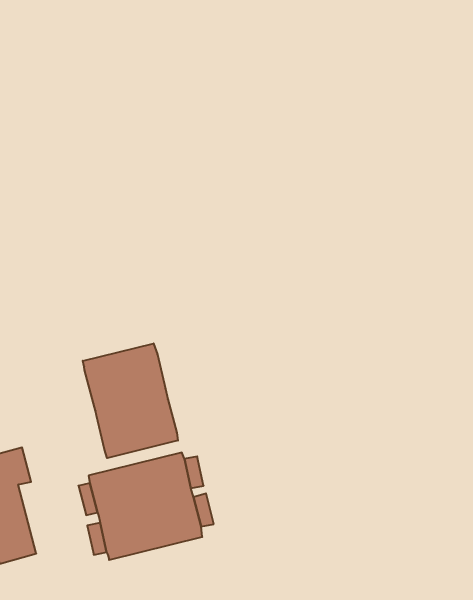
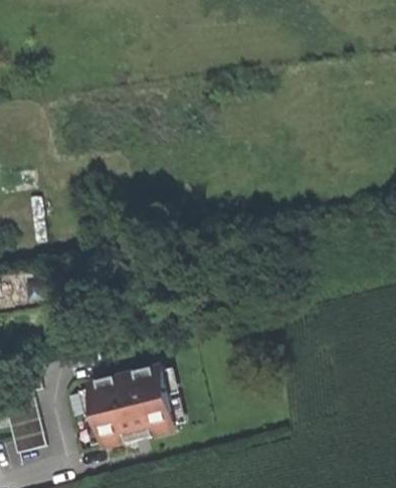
building: [83,343,178,458] -> none

